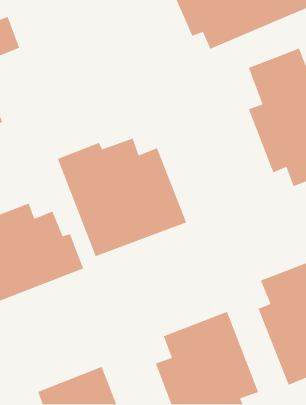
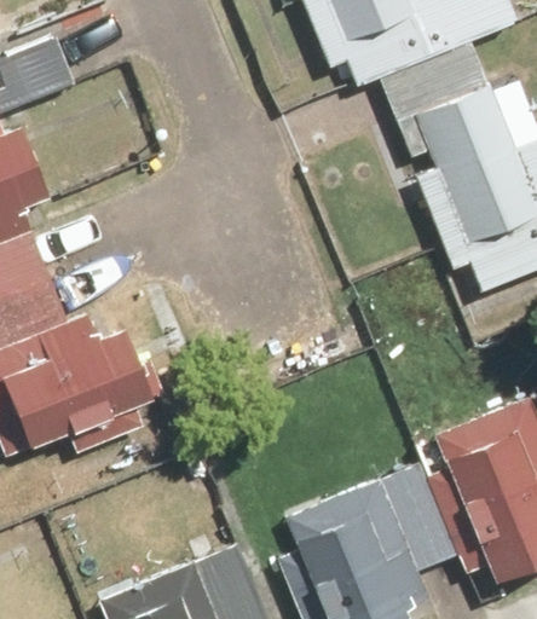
building: [57,137,187,257] -> none

